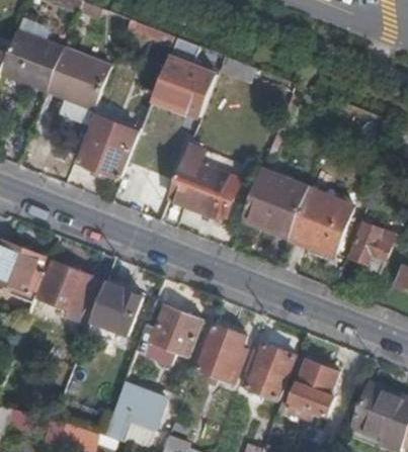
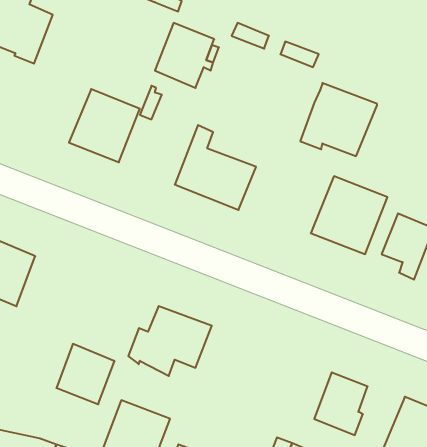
building: [47,47,110,108] -> none
building: [241,170,308,234] -> [300,83,377,156]
building: [37,261,87,310] -> none
building: [91,282,142,335] -> [56,344,115,404]
building: [197,325,245,382] -> none
building: [241,343,294,398] -> none

